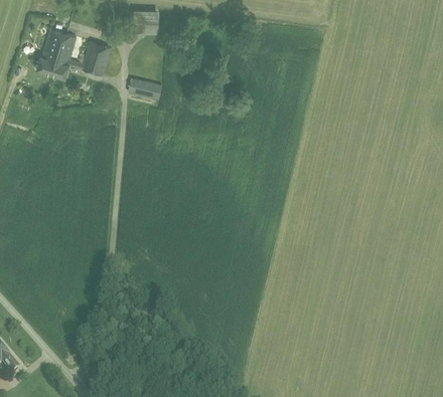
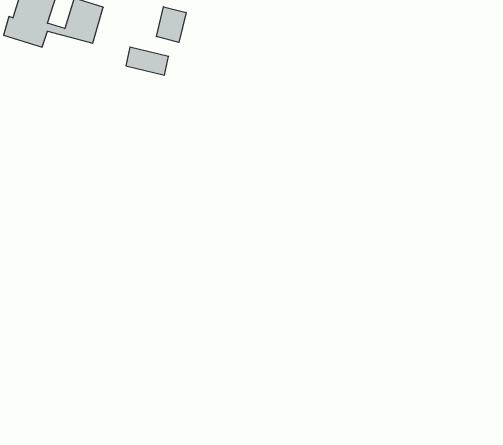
building: none -> [156,7,186,42]

